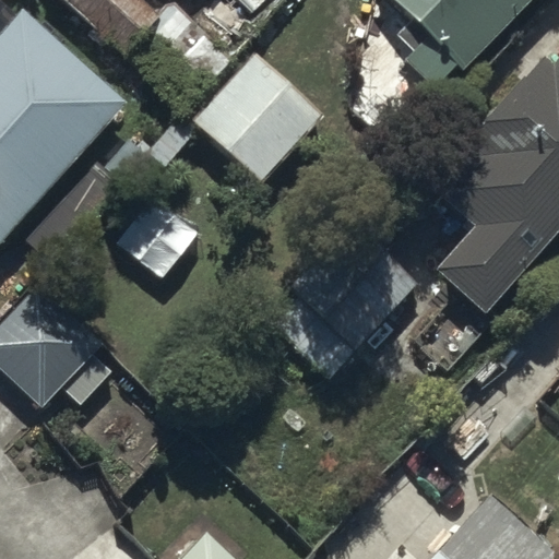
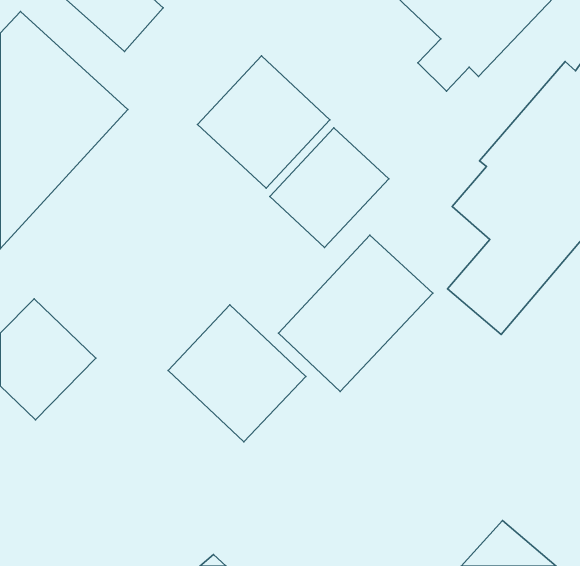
building: none -> [270,128,389,248]
building: none -> [168,305,306,442]

